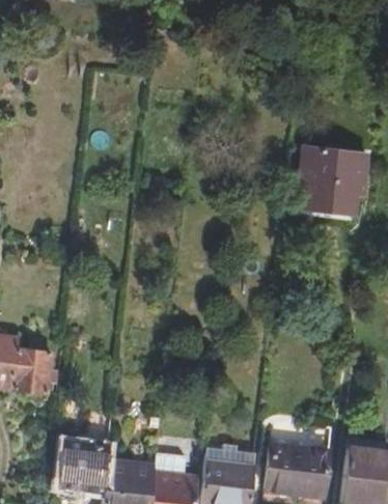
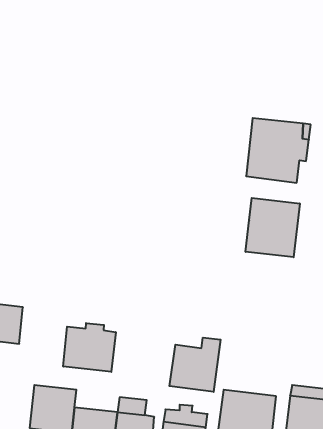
building: none -> [246,198,300,257]
building: none -> [63,323,116,372]
building: none -> [169,338,221,392]

